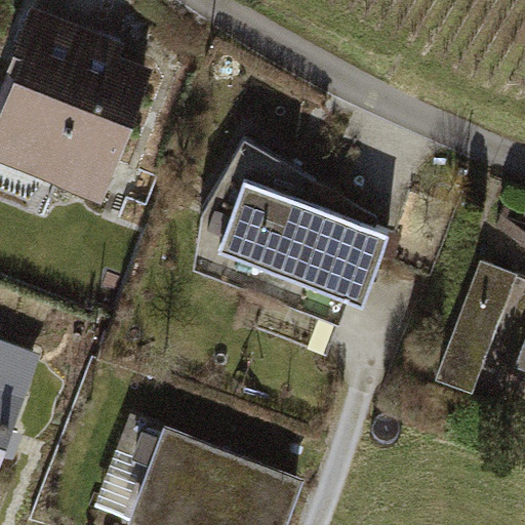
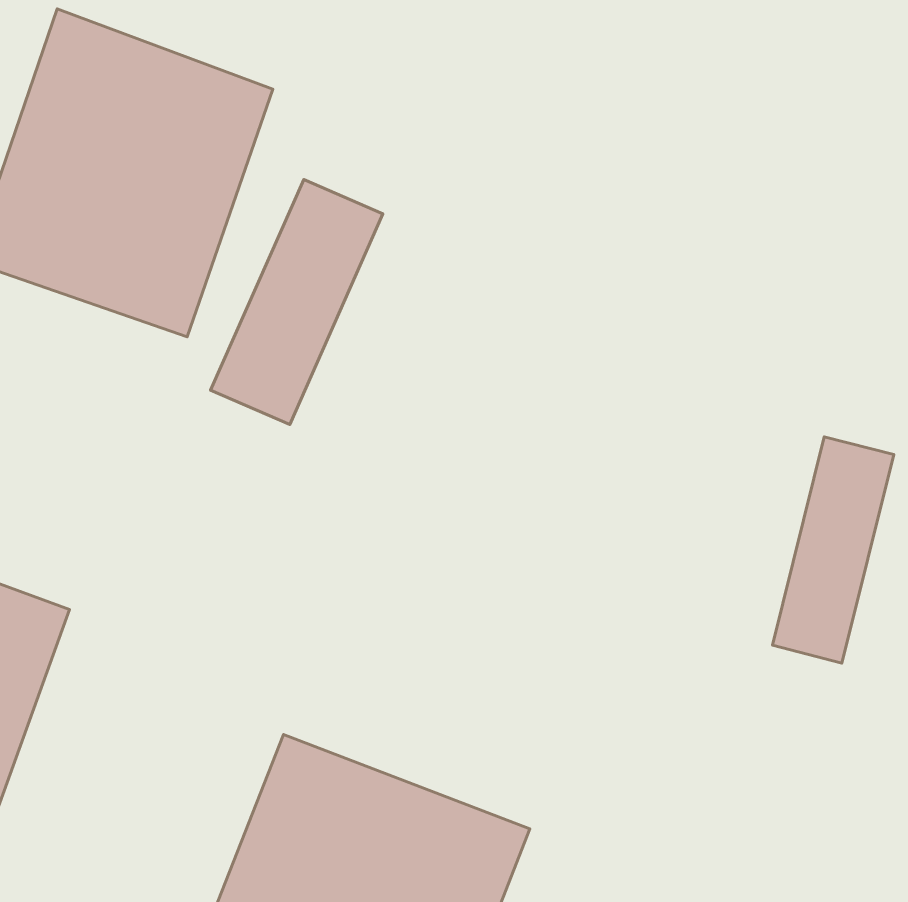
building: none -> [211,180,383,424]
building: [194,139,388,323] -> none

